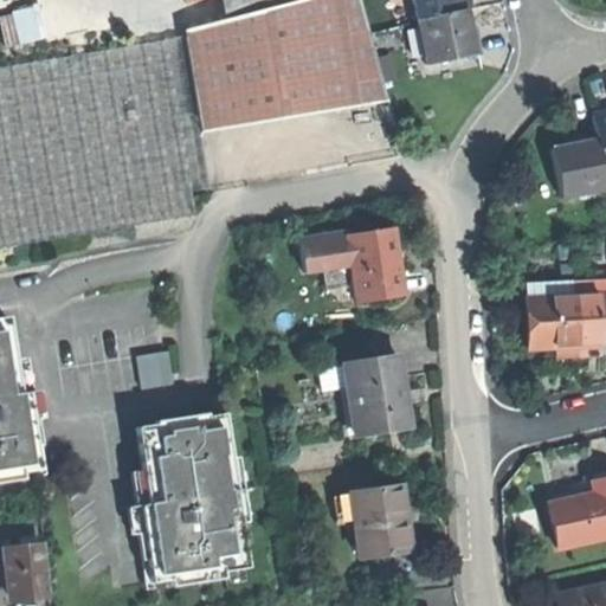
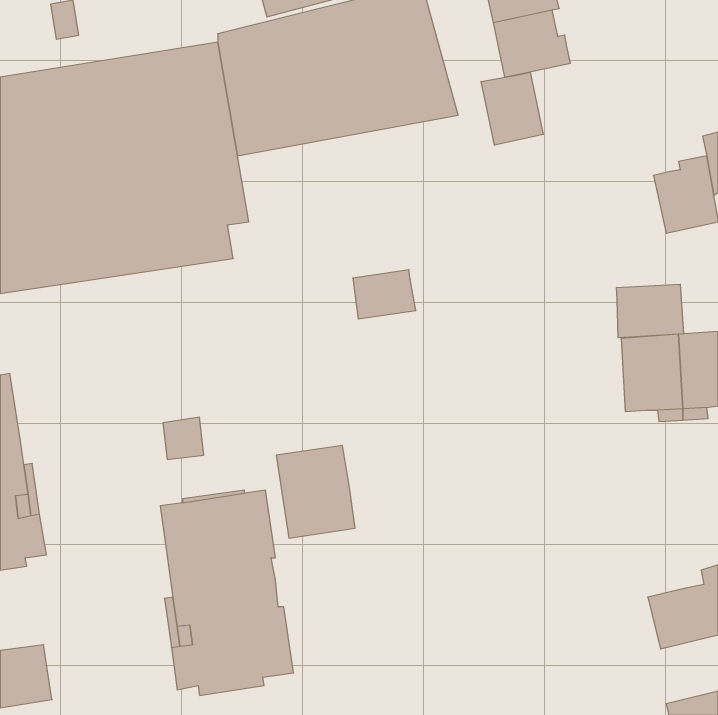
building: none -> [481,72,543,145]
building: [346,228,400,299] -> none
building: none -> [616,284,683,338]
building: [341,355,407,433] -> [276,445,355,538]
building: [349,484,407,556] -> none

